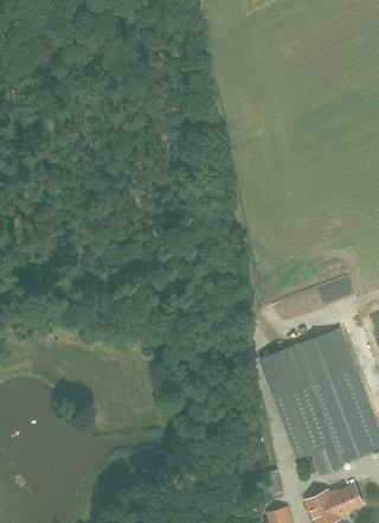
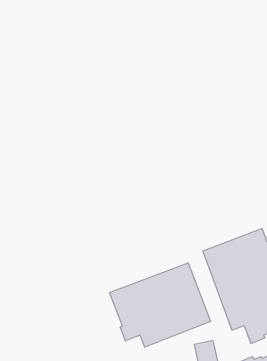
building: none -> [109,263,210,347]

